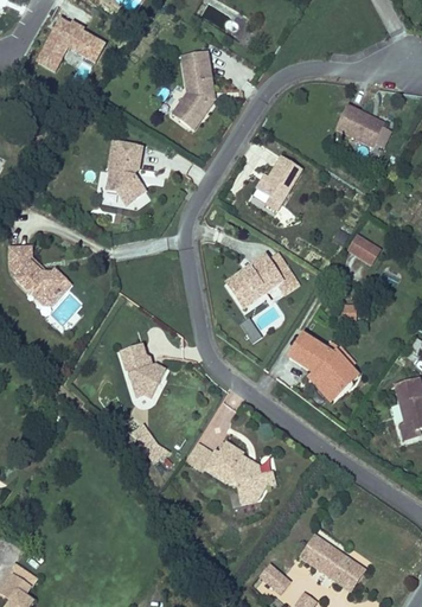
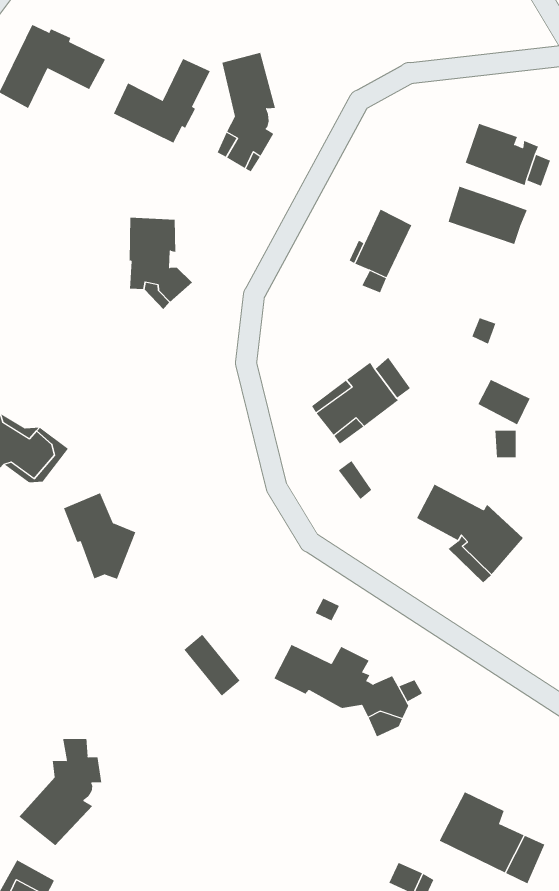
building: none -> [113,58,211,144]
building: none -> [448,186,527,245]
building: [346,234,381,264] -> [478,379,530,425]
building: [120,339,166,396] -> [63,493,136,579]
building: none -> [19,738,102,846]

